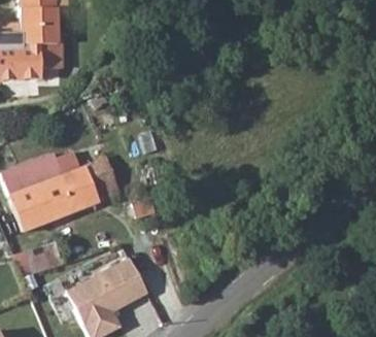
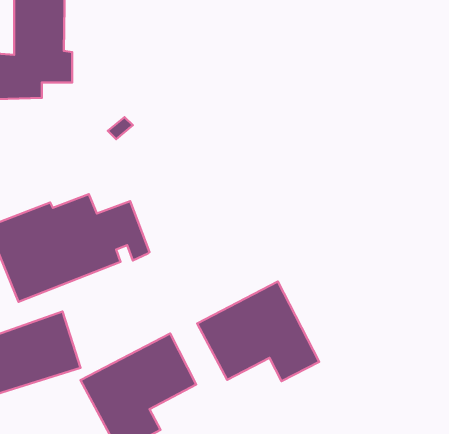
building: none -> [197,281,319,381]

